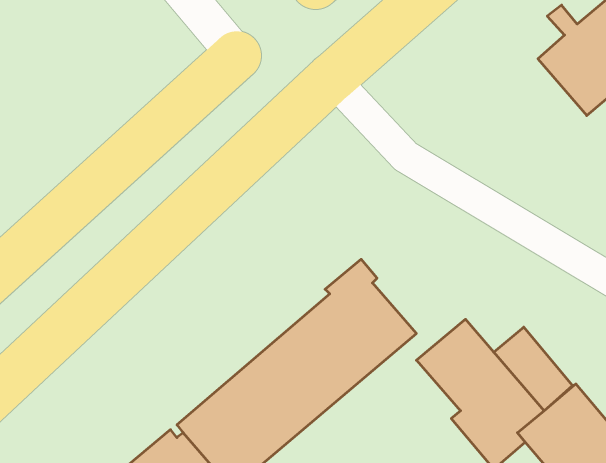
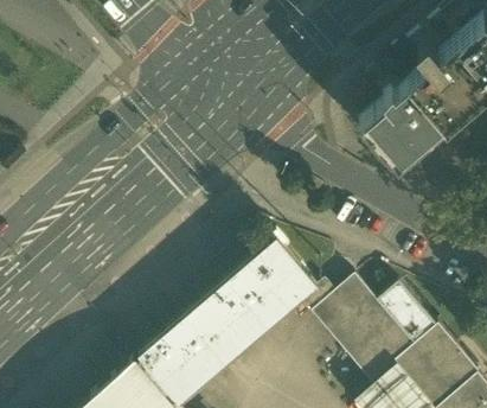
building: none -> [359,82,447,167]

